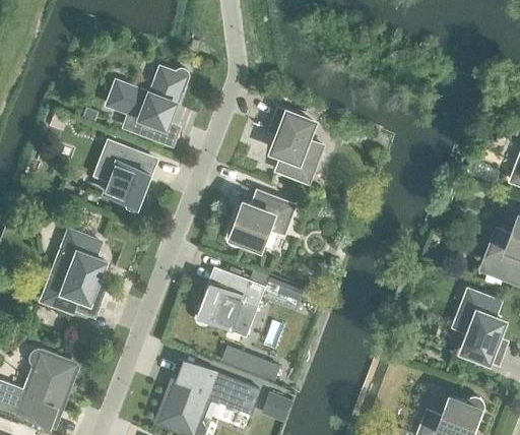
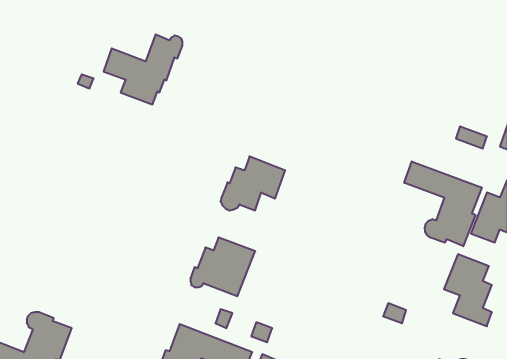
building: [272,109,322,182] -> none
building: [96,141,154,210] -> none
building: none -> [404,161,482,246]
building: [43,231,105,316] -> none

